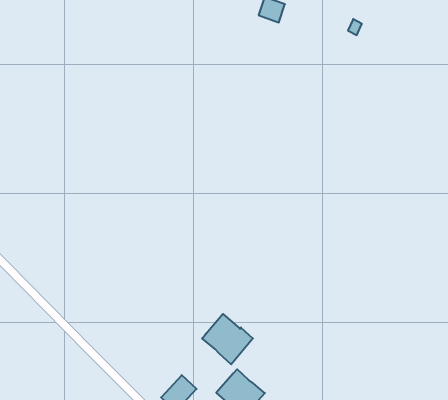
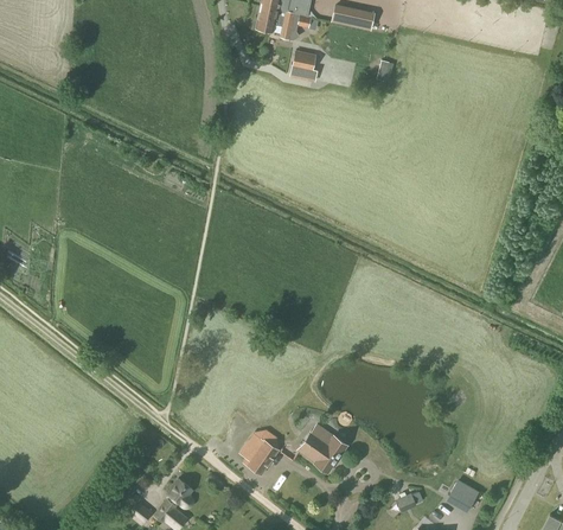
building: [202,314,253,364] -> none

